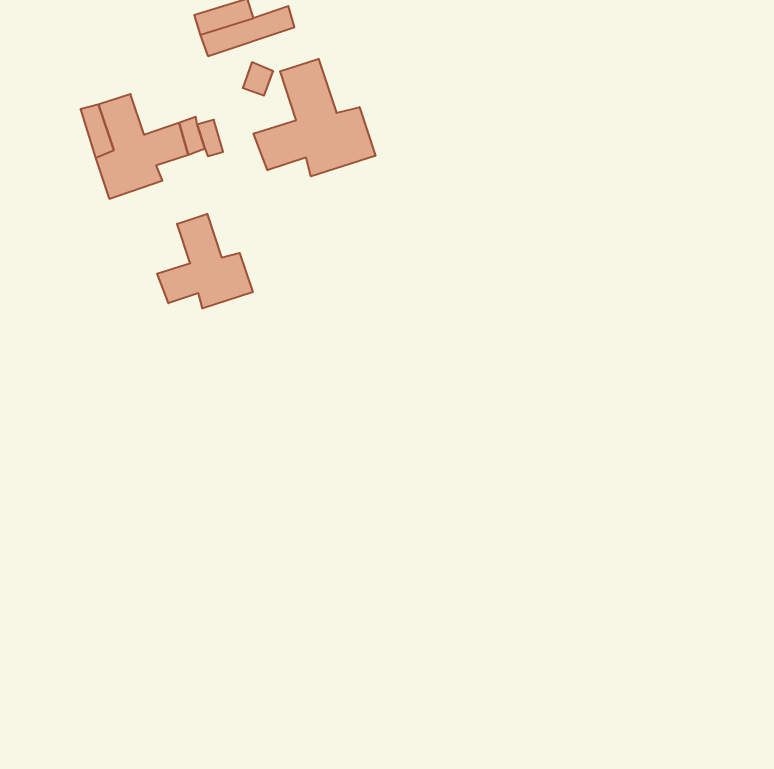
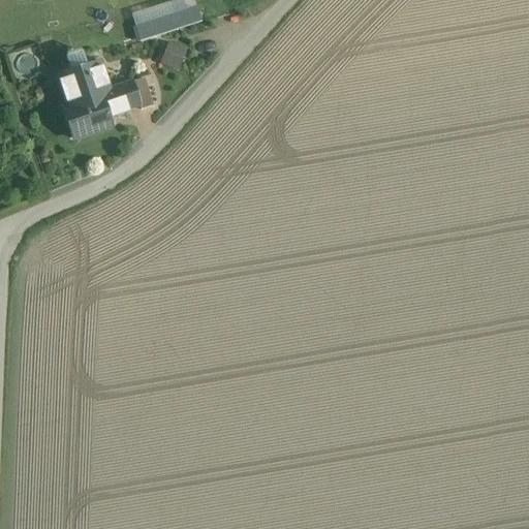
building: [254,59,375,176] -> none
building: [157,214,253,308] -> none

